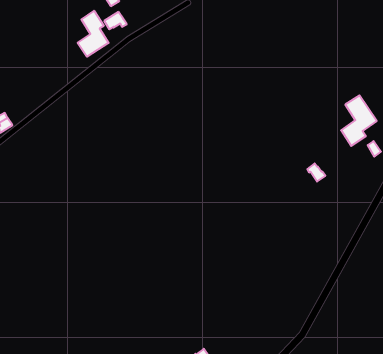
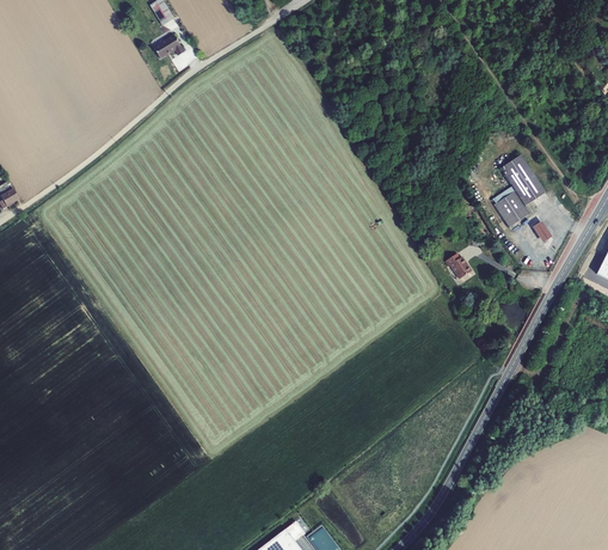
building: [78,11,109,57] -> none

